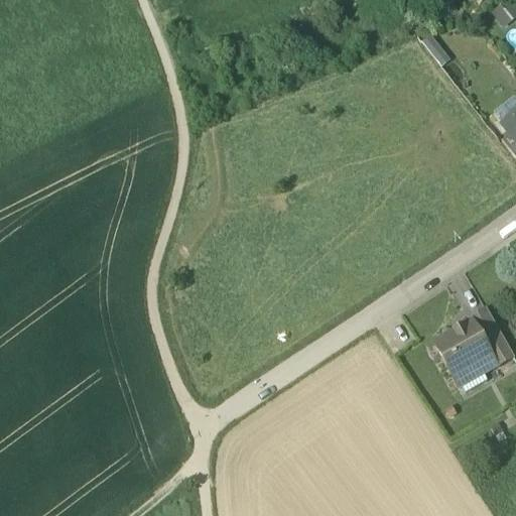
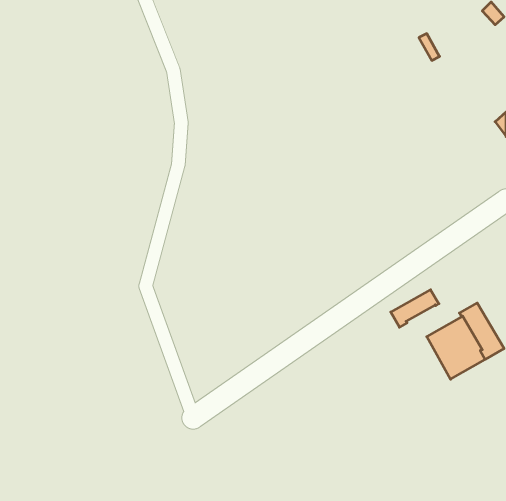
building: none -> [391,290,439,327]

